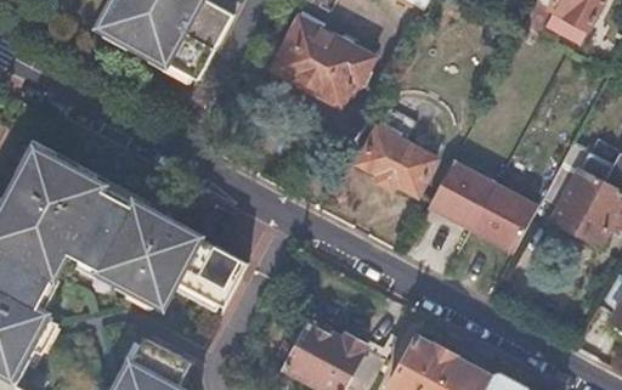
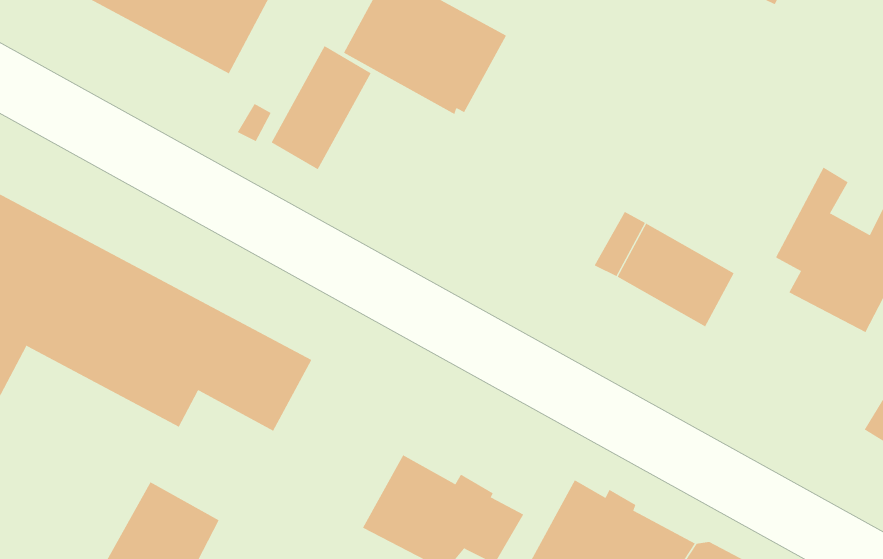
building: none -> [271,45,371,170]
building: [356,126,434,193] -> none

